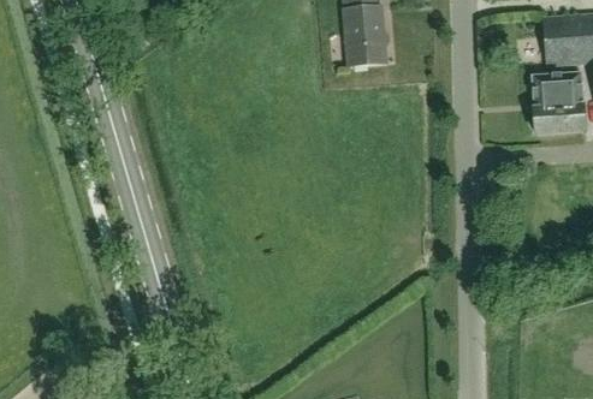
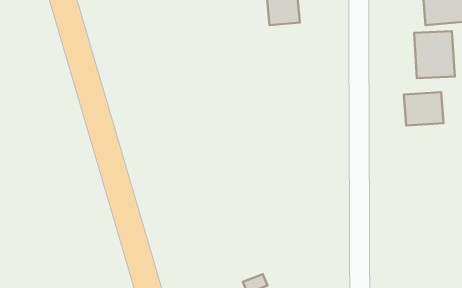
building: none -> [404,92,443,125]

